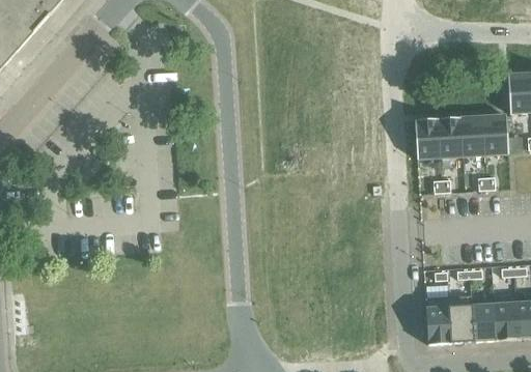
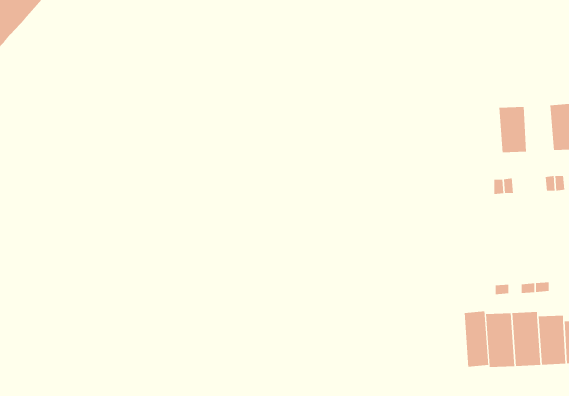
building: [460,115,485,155] -> none
building: [415,117,441,159] -> none
building: none -> [464,310,489,367]

